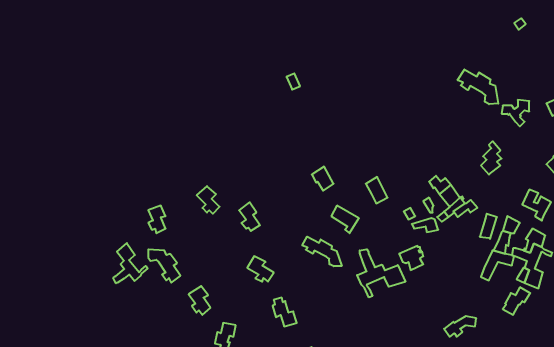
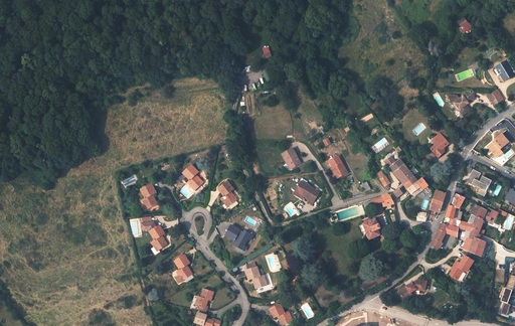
building: [458,69,498,104] -> none
building: [302,237,342,266] -> none
building: [113,243,148,283] -> none
building: [357,249,405,297] -> none

